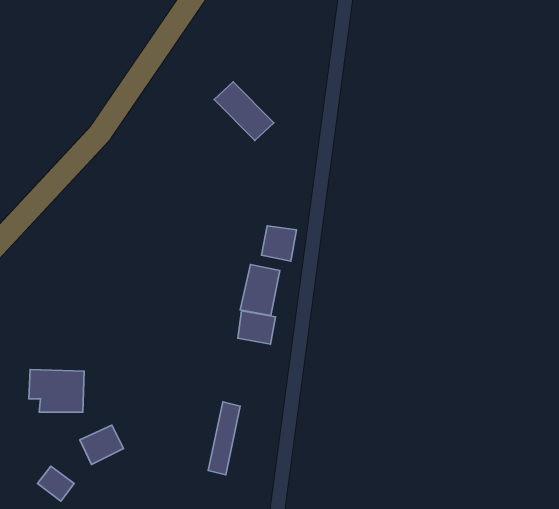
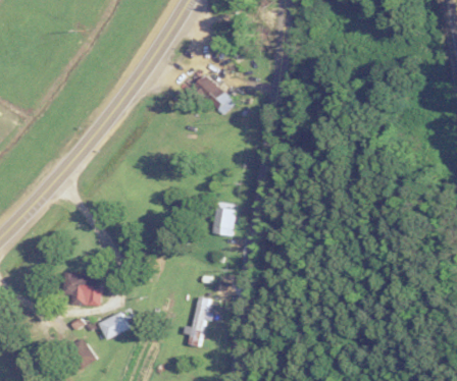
building: [261,226,296,261] -> none
building: [238,311,276,344] -> none

